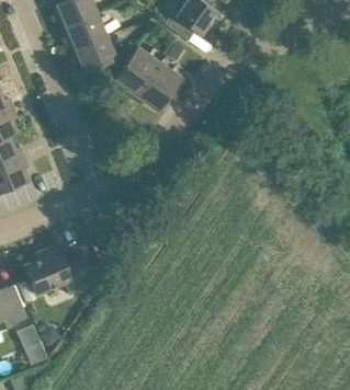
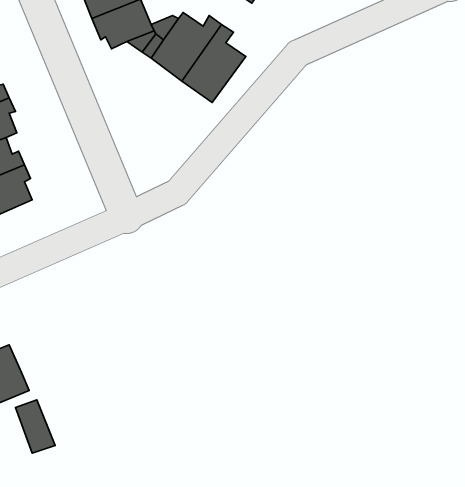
building: [23,244,95,295] -> none

